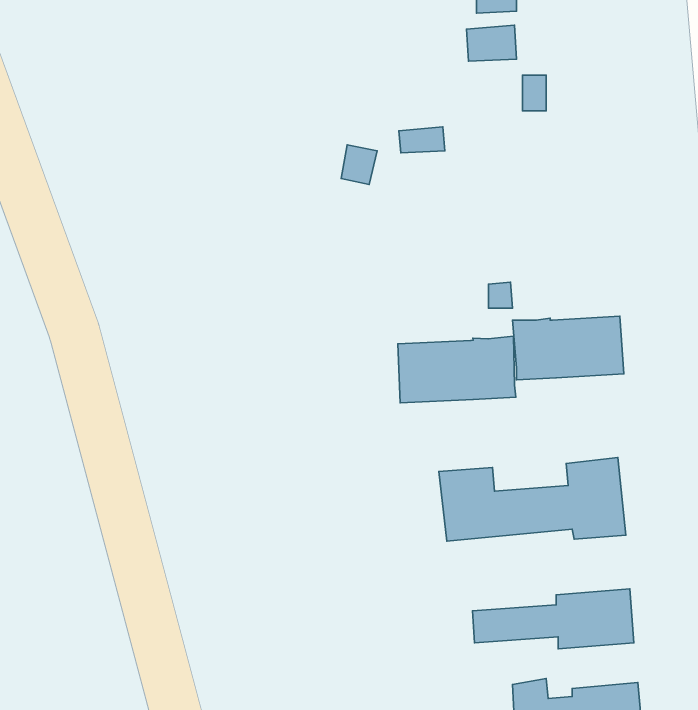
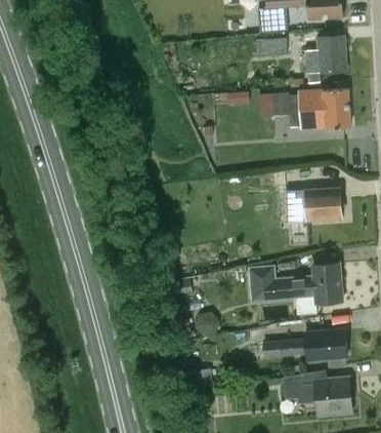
building: none -> [316,35,346,72]
building: none -> [271,88,350,130]
building: [398,336,516,403] -> none

